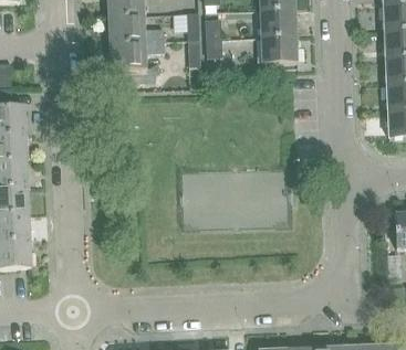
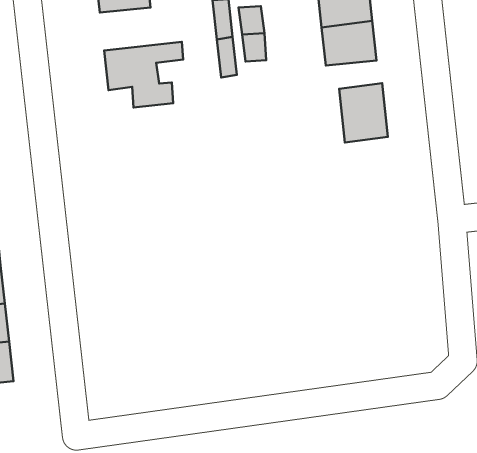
building: [108,14,164,42] -> none
building: none -> [339,83,388,142]

